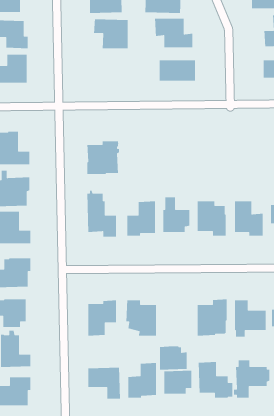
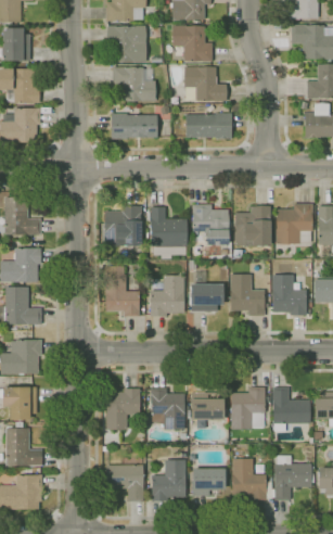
building: none -> [112,115,155,139]
building: none -> [192,204,228,245]
building: none -> [276,204,312,243]
building: none -> [234,206,270,245]
building: none -> [150,207,187,259]
building: [159,346,188,370] -> [191,392,223,420]

